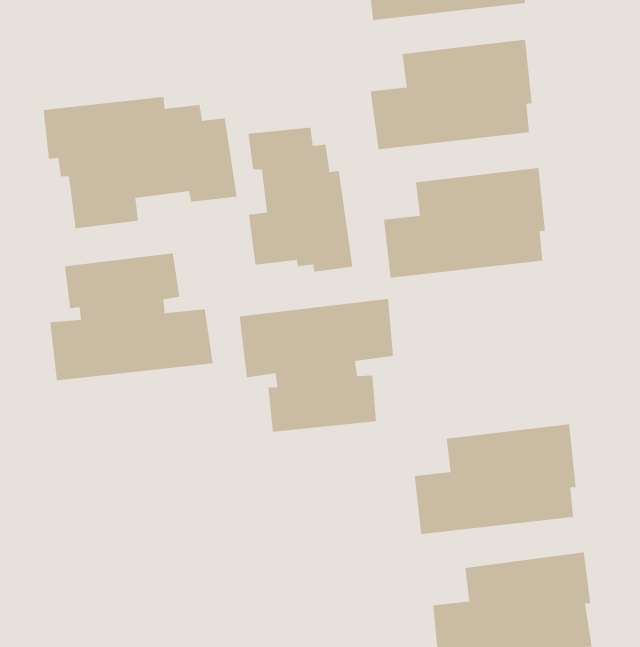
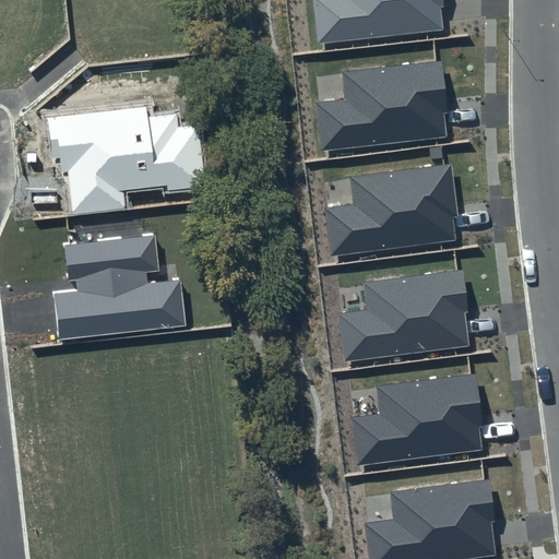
building: [248,127,353,273] -> none
building: none -> [338,271,468,361]
building: [239,298,393,433] -> none

